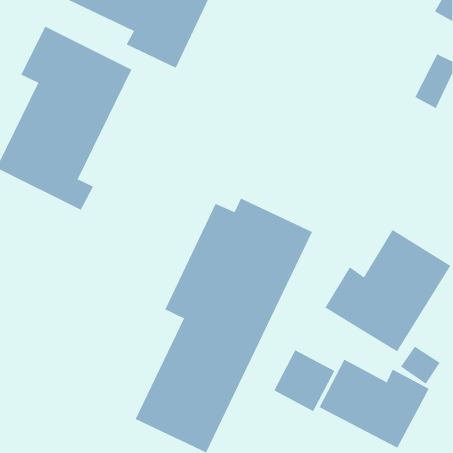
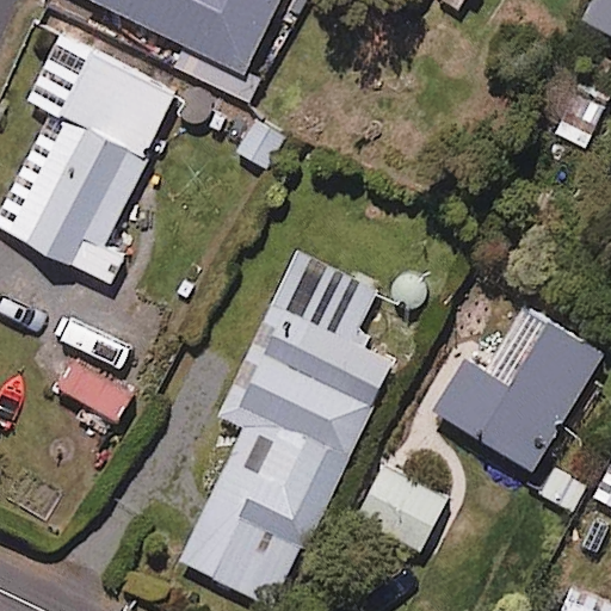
building: [319,359,429,449] -> none

